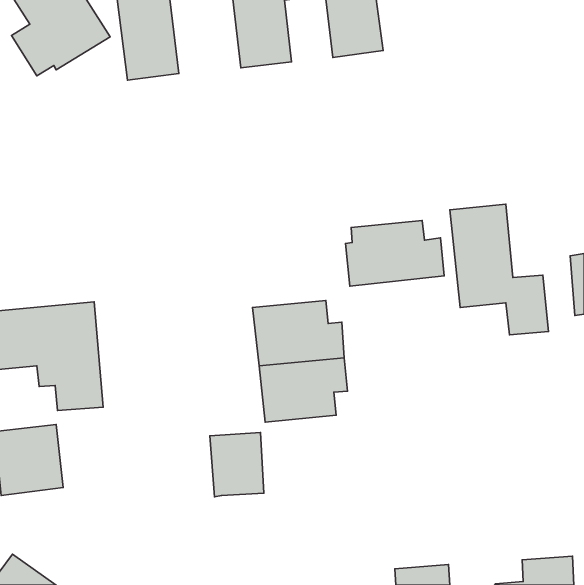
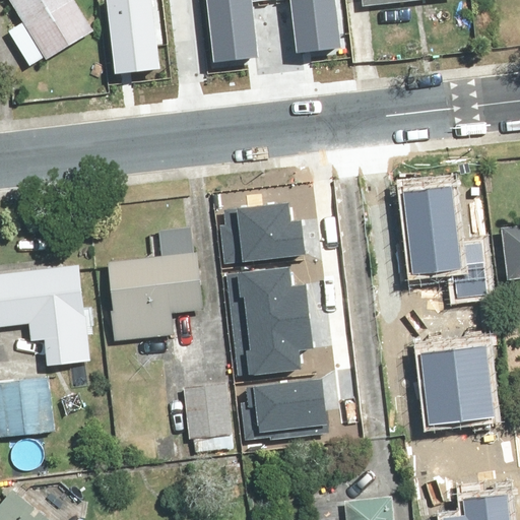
building: [345,221,444,286] -> [215,206,303,264]
building: none -> [112,256,205,340]
building: none -> [419,348,489,424]
building: none -> [241,379,325,440]

